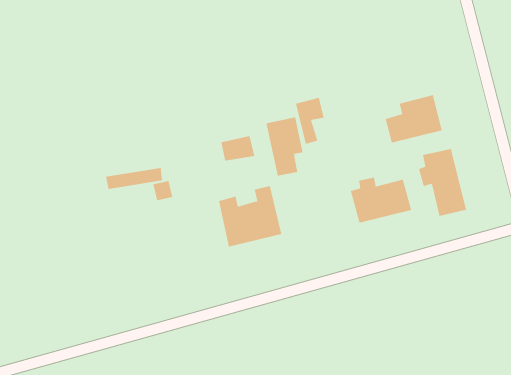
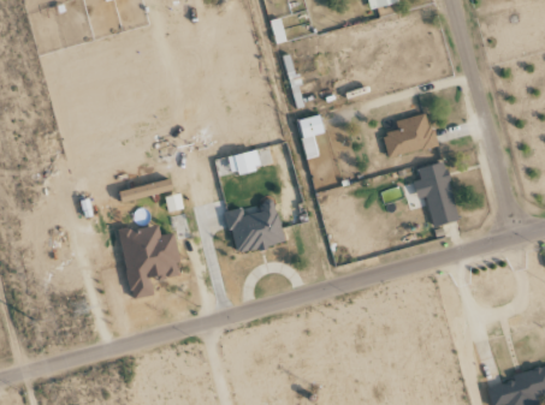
building: [266,116,303,177] -> none
building: [350,177,412,224] -> none
building: none -> [120,225,182,299]

